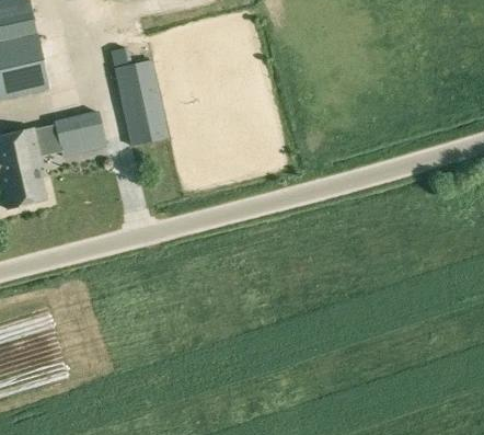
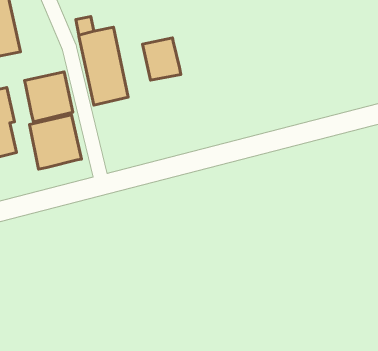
building: none -> [143,38,181,80]
building: none -> [30,115,81,169]

